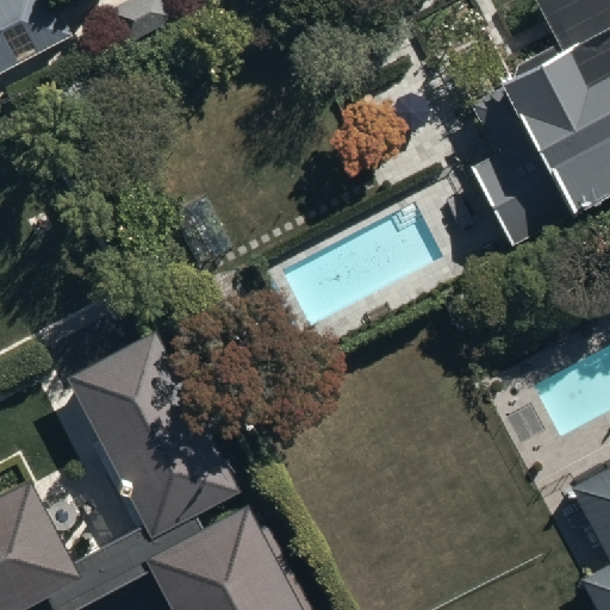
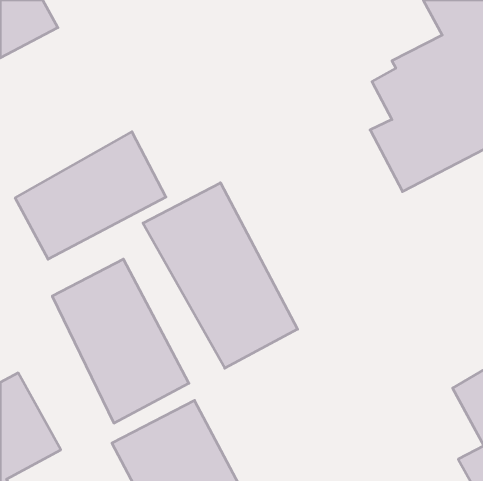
building: none -> [15,132,166,259]
building: none -> [143,183,298,368]

